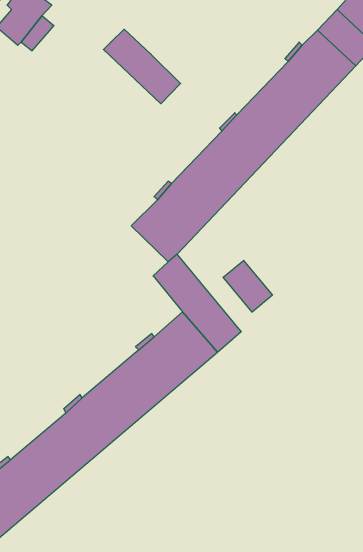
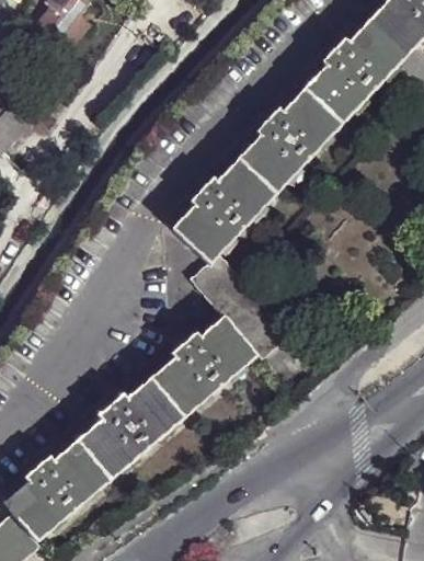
building: [103,29,181,104] -> none
building: [223,260,272,312] -> none

